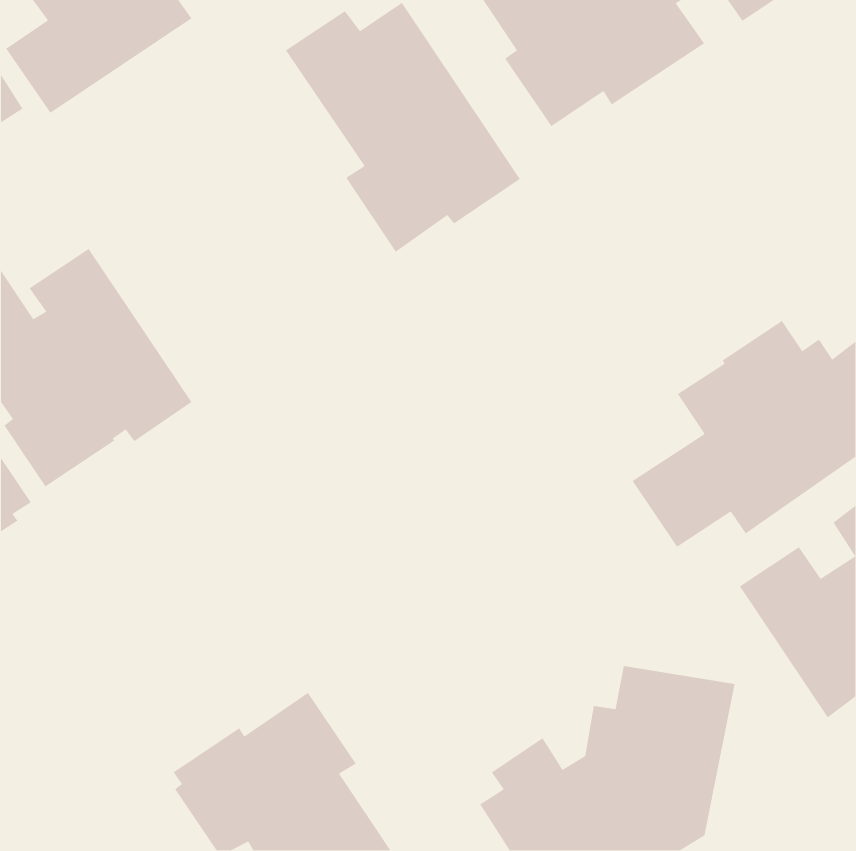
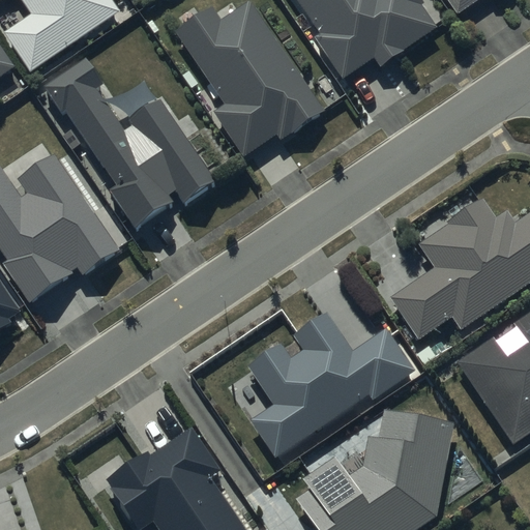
building: none -> [45,59,213,228]
building: none -> [246,312,413,458]

